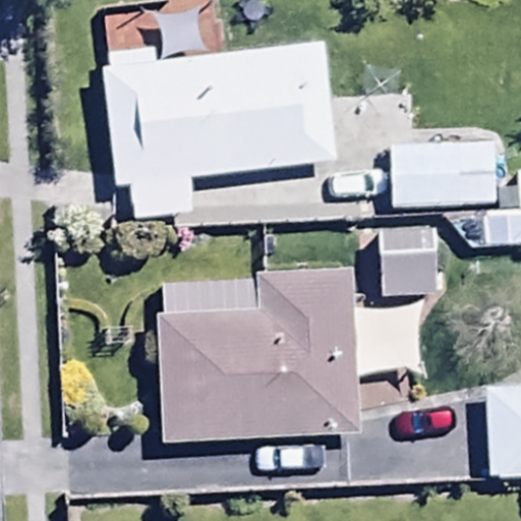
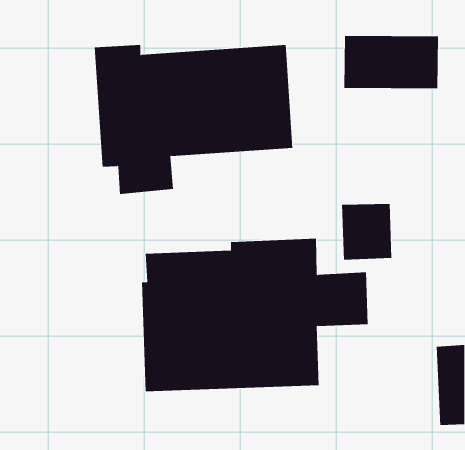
building: [390,144,497,205] -> [343,35,439,89]

